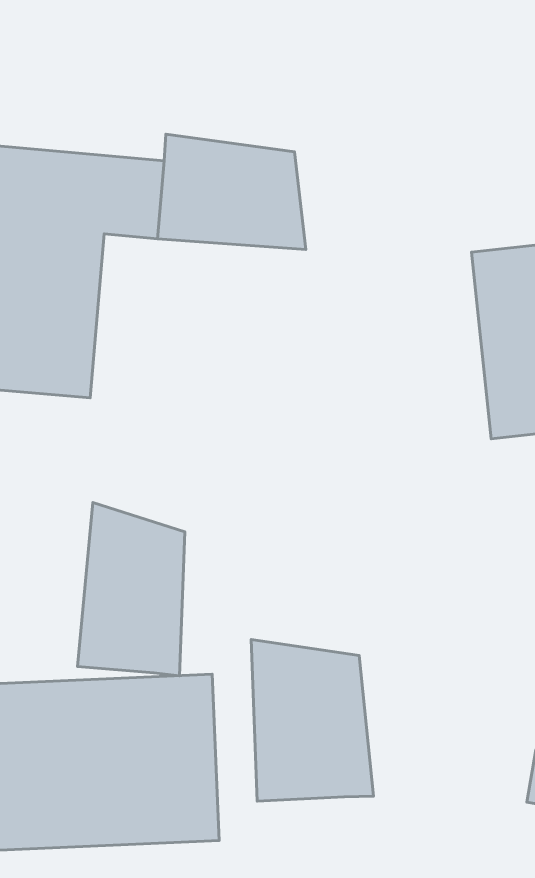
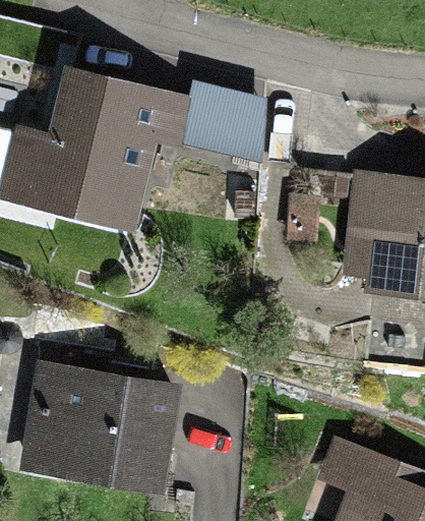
building: [77,503,185,676] -> none
building: [251,639,374,801] -> none

